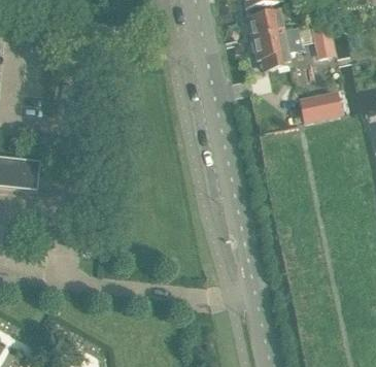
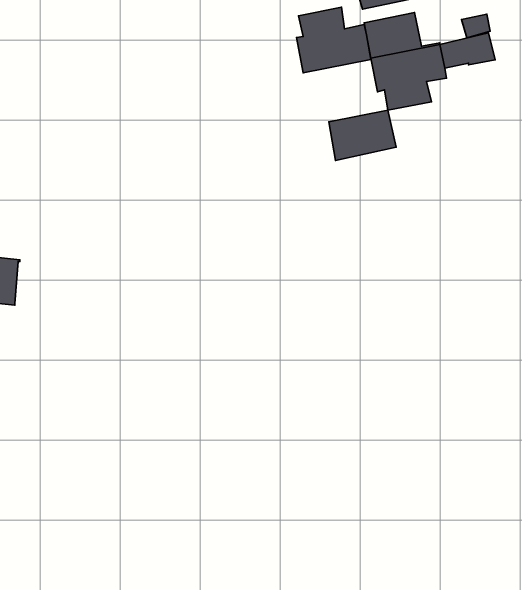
building: none -> [296,7,371,73]
building: [299,91,340,122] -> [329,110,396,161]

